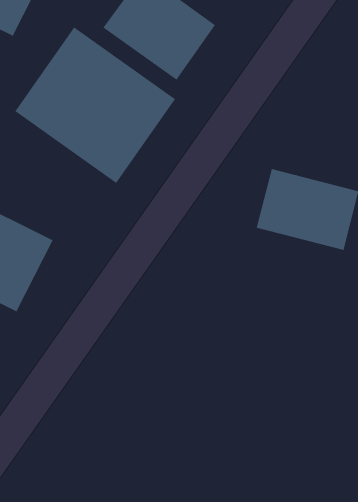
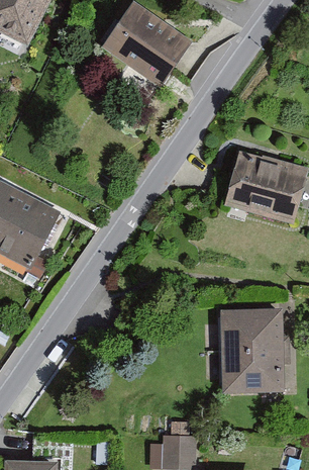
building: [15,26,176,184] -> none
building: none -> [221,306,282,386]

